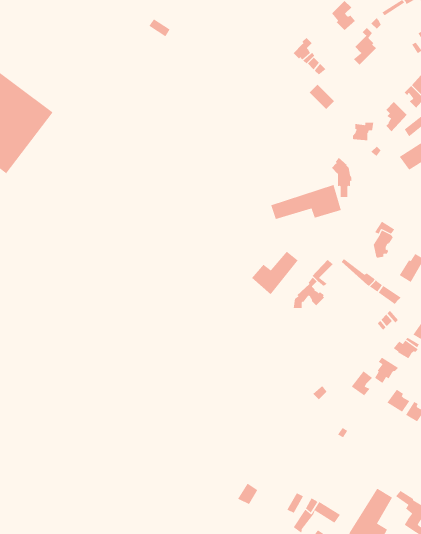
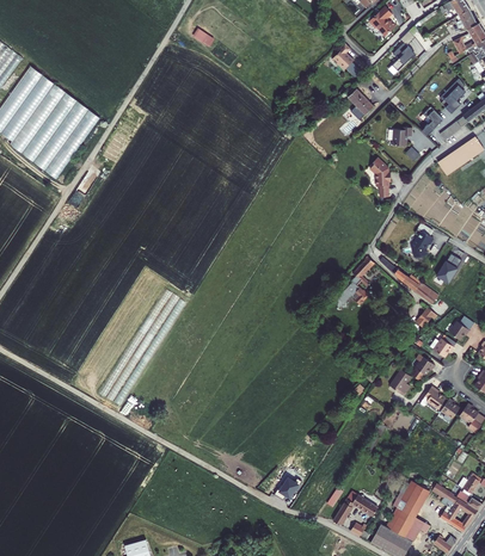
building: [270,184,342,220] -> none
building: [251,251,298,295] -> none

